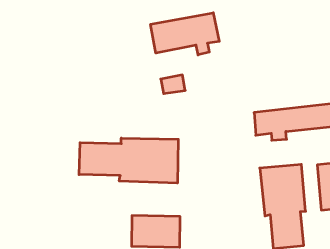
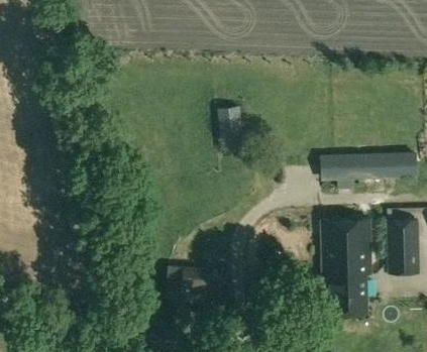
building: [151,13,219,55] -> none
building: [79,138,178,183] -> none

